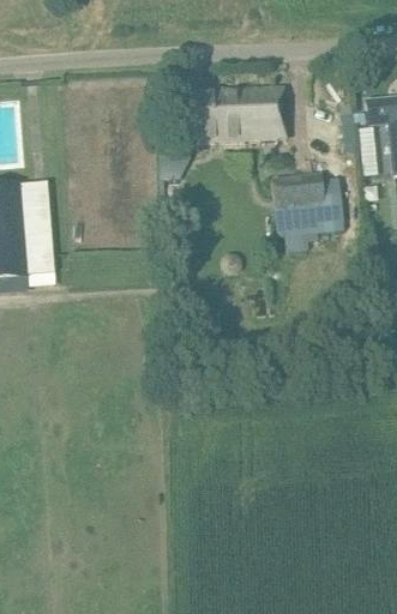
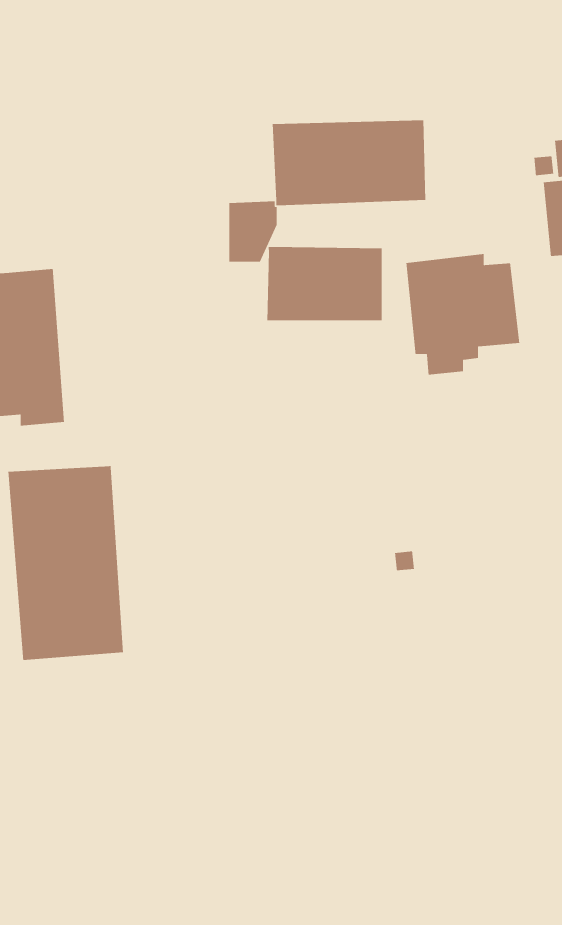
building: none -> [267,246,382,321]
building: none -> [8,465,124,661]

